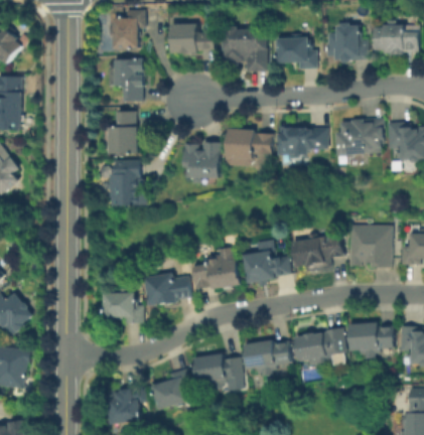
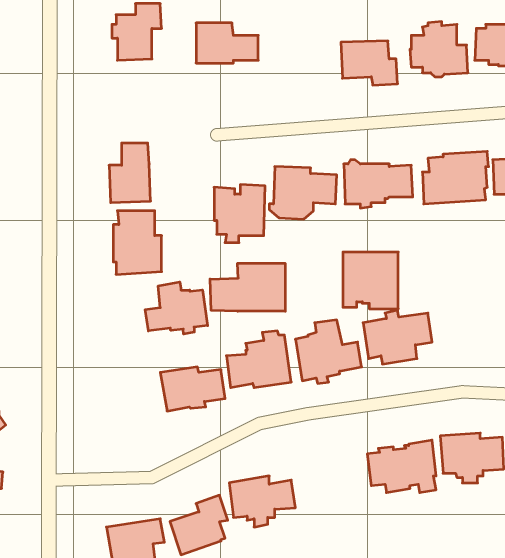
building: [223,26,267,71] -> none
building: [108,57,143,102] -> none
building: none -> [210,263,285,311]
building: none -> [145,282,208,334]
building: [350,226,391,267] -> [343,252,398,309]
building: [103,289,143,322] -> none
building: [244,340,292,377] -> none

